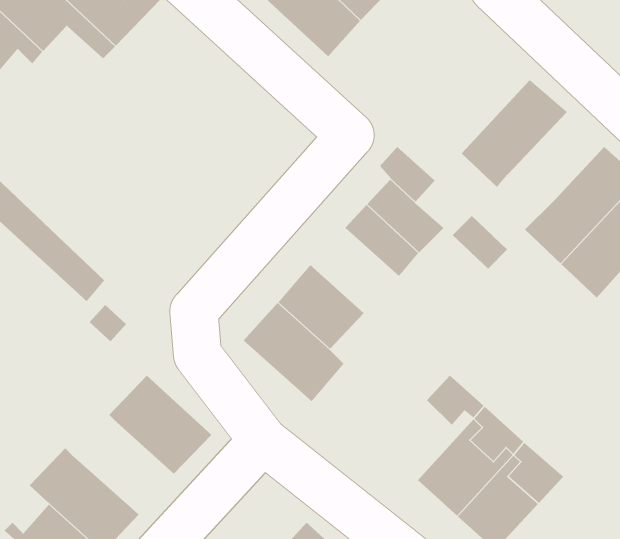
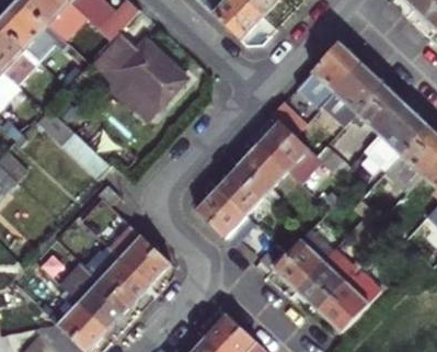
building: none -> [82,27,192,123]
building: none -> [295,31,361,100]
building: none -> [348,72,406,126]
building: none -> [229,143,283,201]
building: none -> [273,247,327,295]
building: none -> [85,260,147,316]

